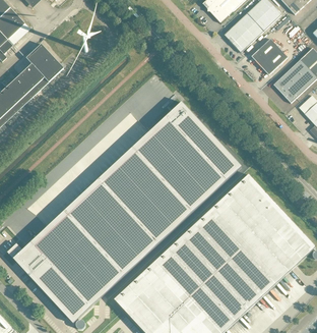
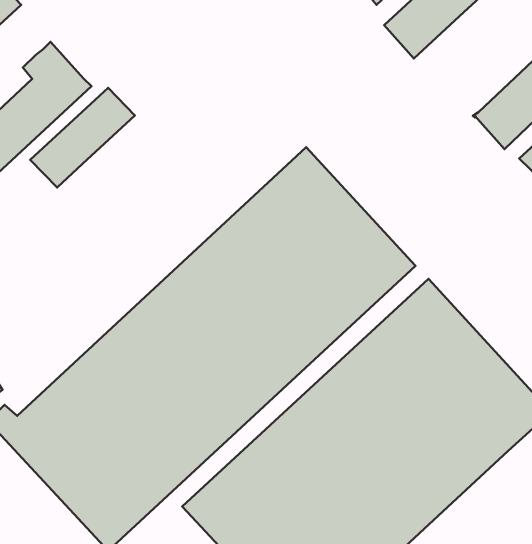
building: [250,38,287,74] -> none
building: none -> [30,88,135,187]

